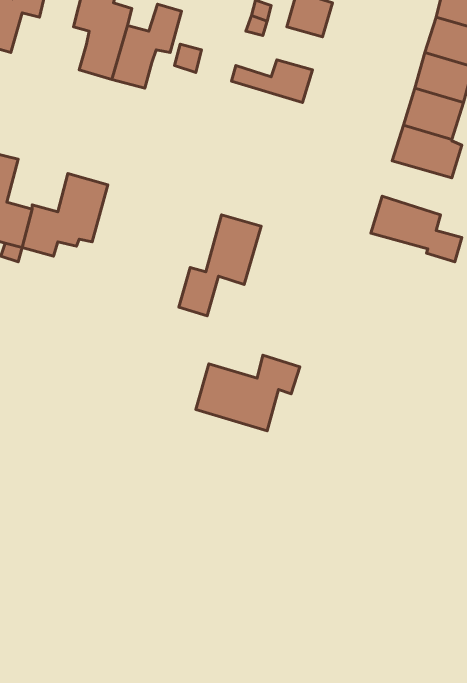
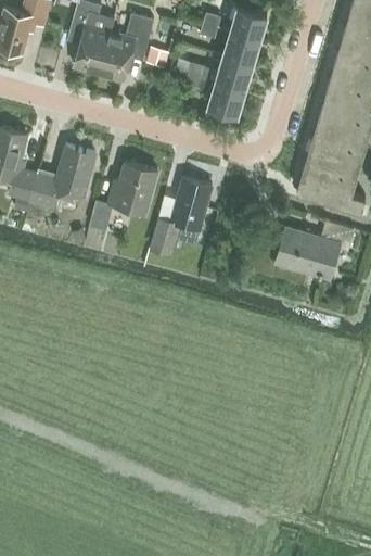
building: none -> [225,34,259,66]
building: none -> [187,75,244,115]
building: none -> [305,136,358,177]
building: none -> [90,162,157,230]
building: [196,355,300,431] -> [276,222,355,279]

